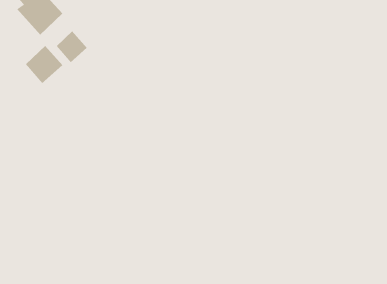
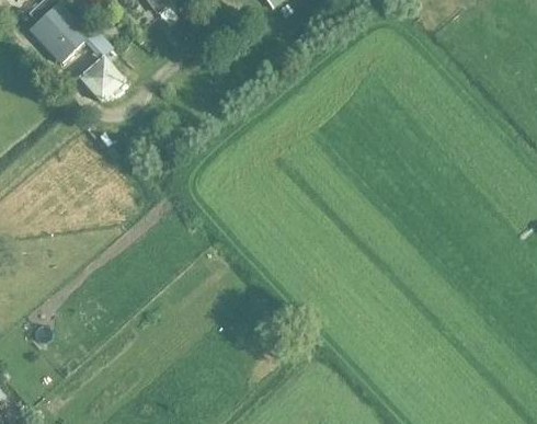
building: [25,45,63,84] -> none

